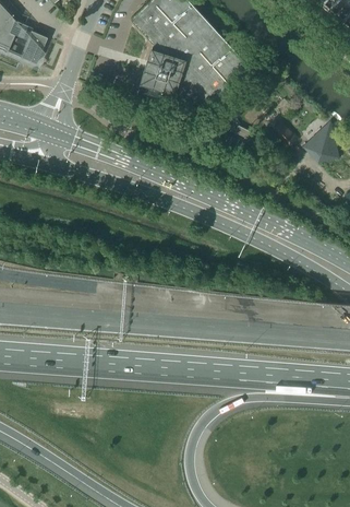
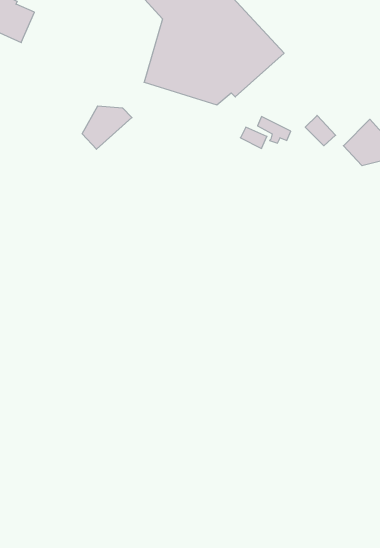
building: none -> [82,106,132,149]

